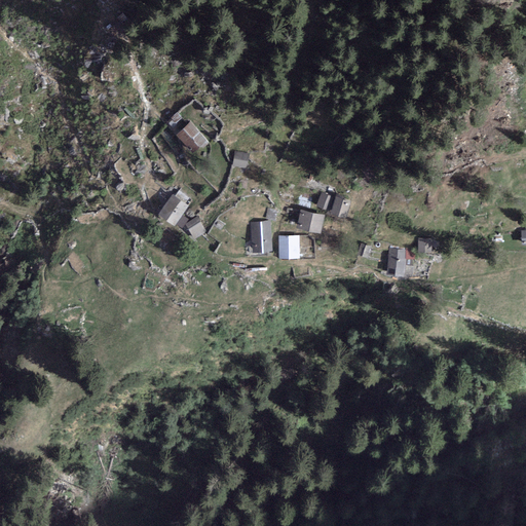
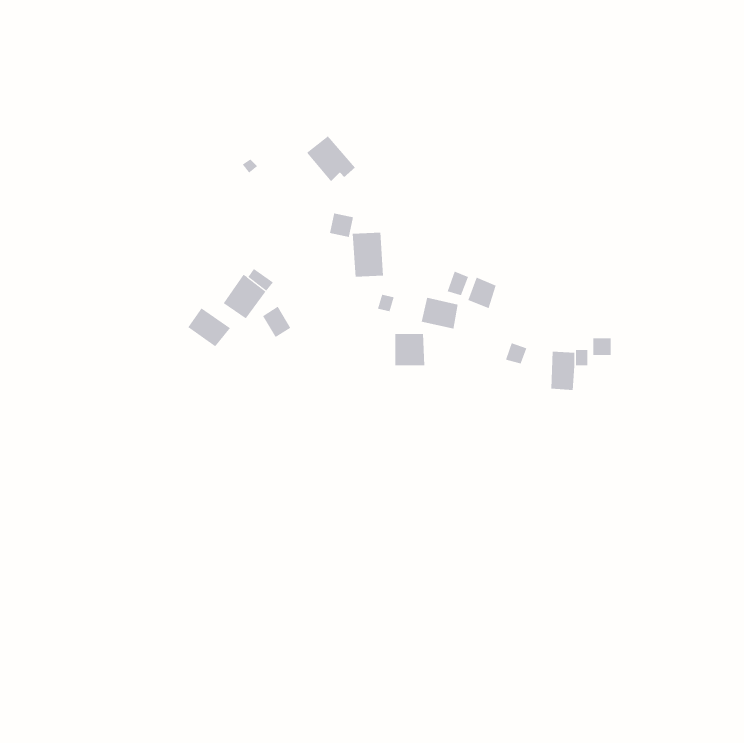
building: [176,120,211,153] -> [306,135,356,182]
building: none -> [187,307,231,347]
building: [250,221,272,253] -> [352,232,384,277]

